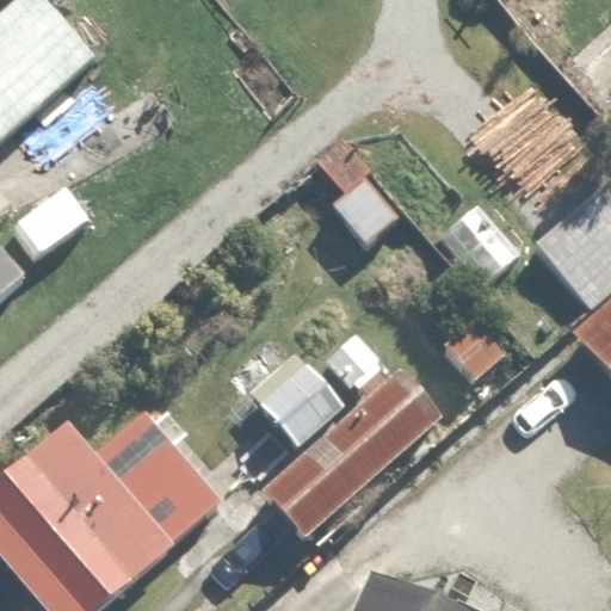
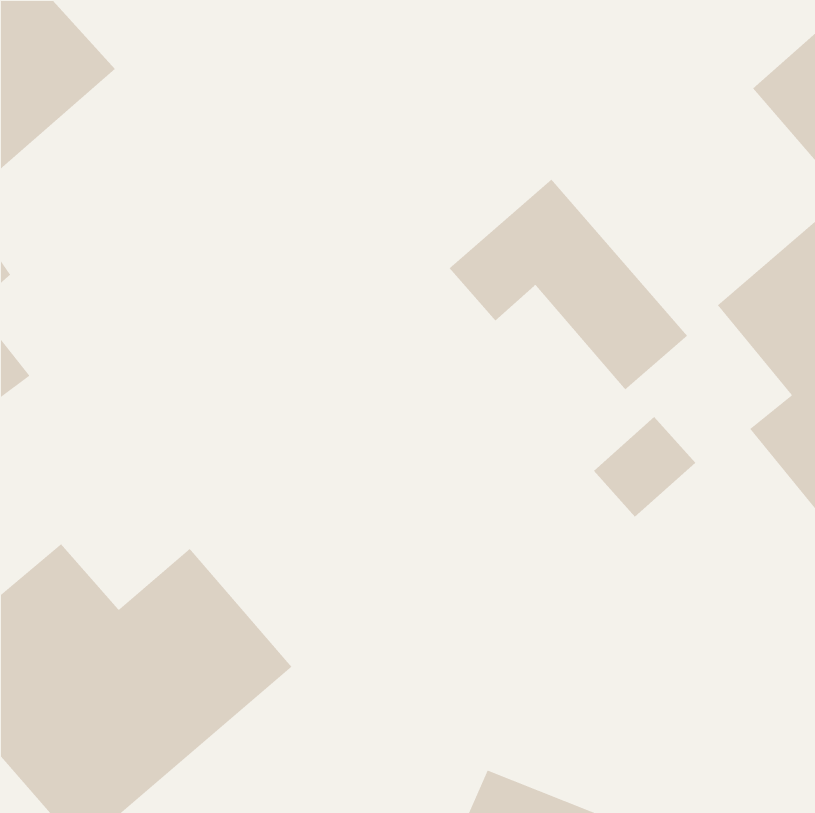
building: [248,323,445,548] -> none

